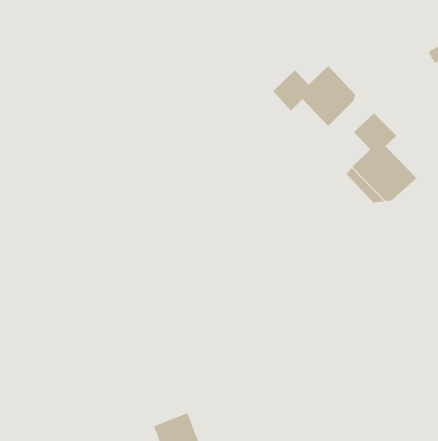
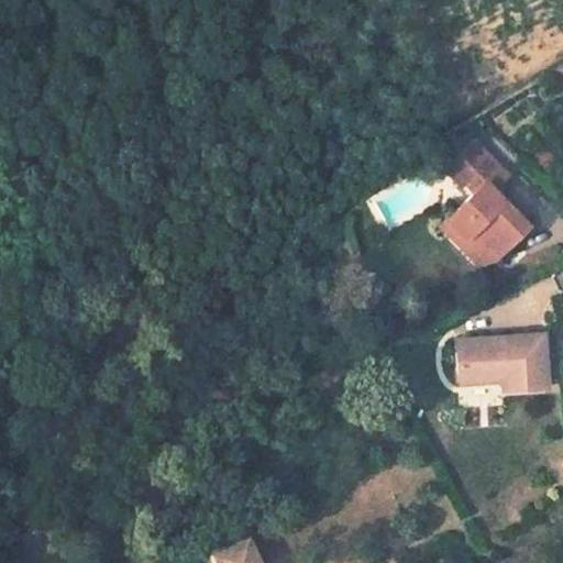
building: [272,65,356,127] -> none
building: none -> [454,338,549,391]

